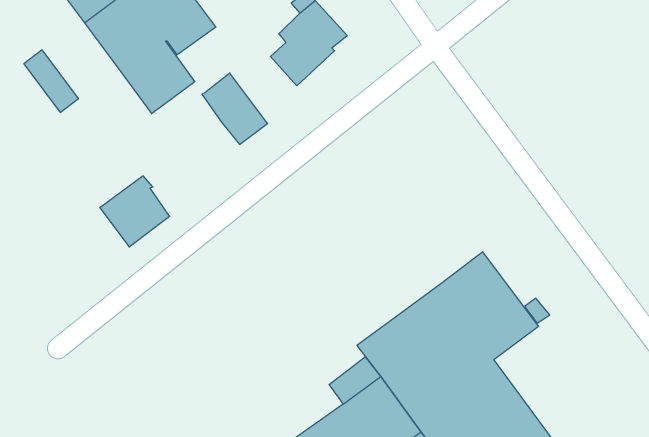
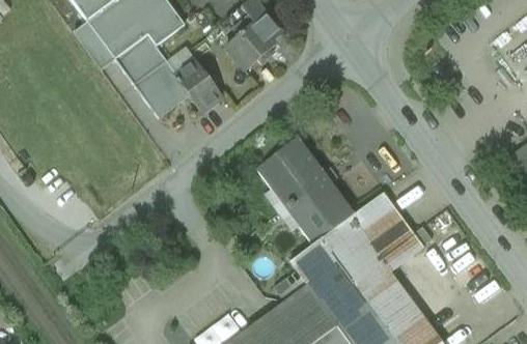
building: [24,50,78,113] -> [74,23,114,69]
building: [100,176,170,247] -> [137,66,189,119]
building: none -> [256,139,353,245]

